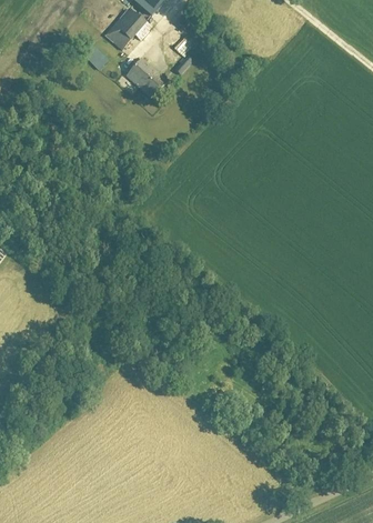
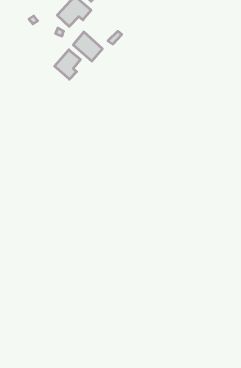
building: none -> [55,50,80,79]

